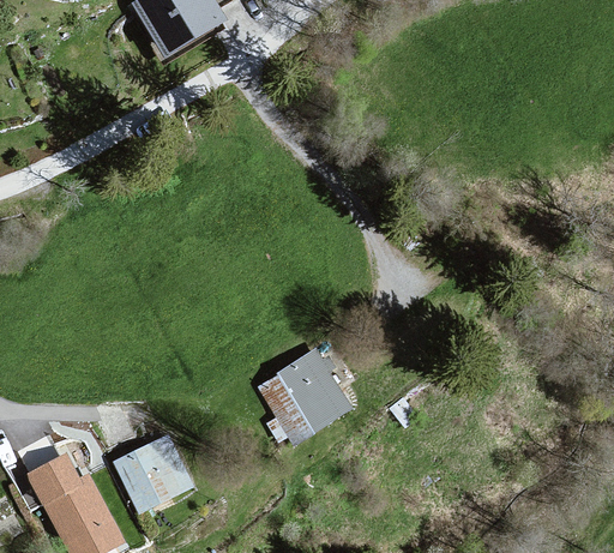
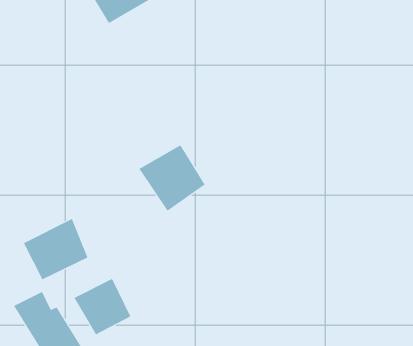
building: none -> [23,218,88,280]
building: [257,348,355,446] -> [139,145,205,211]

